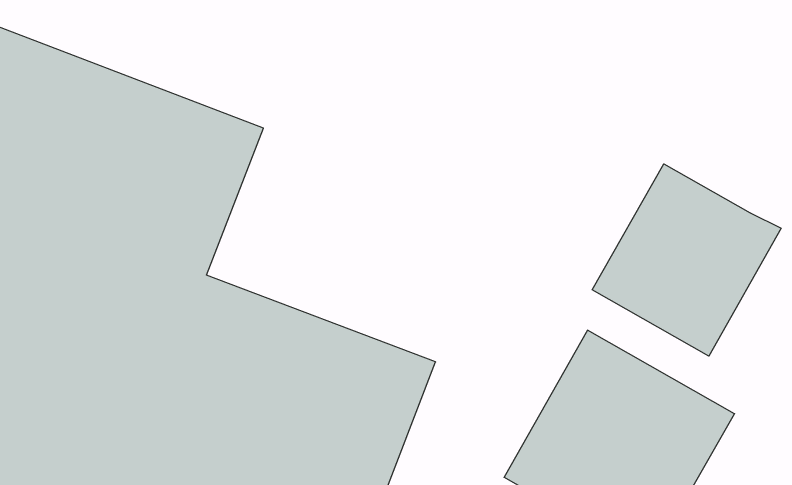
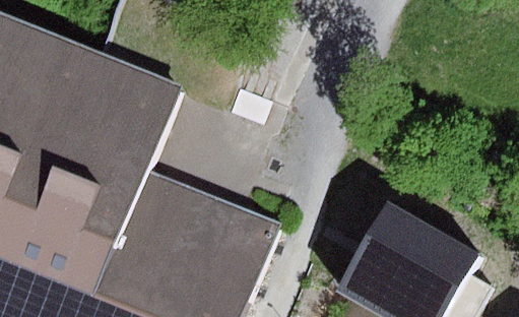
building: [592,164,781,356] -> none

